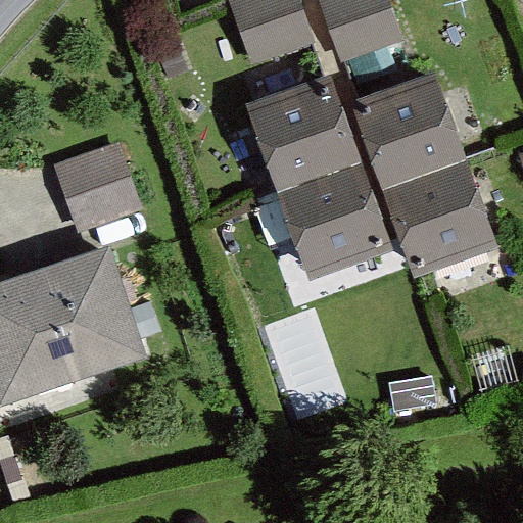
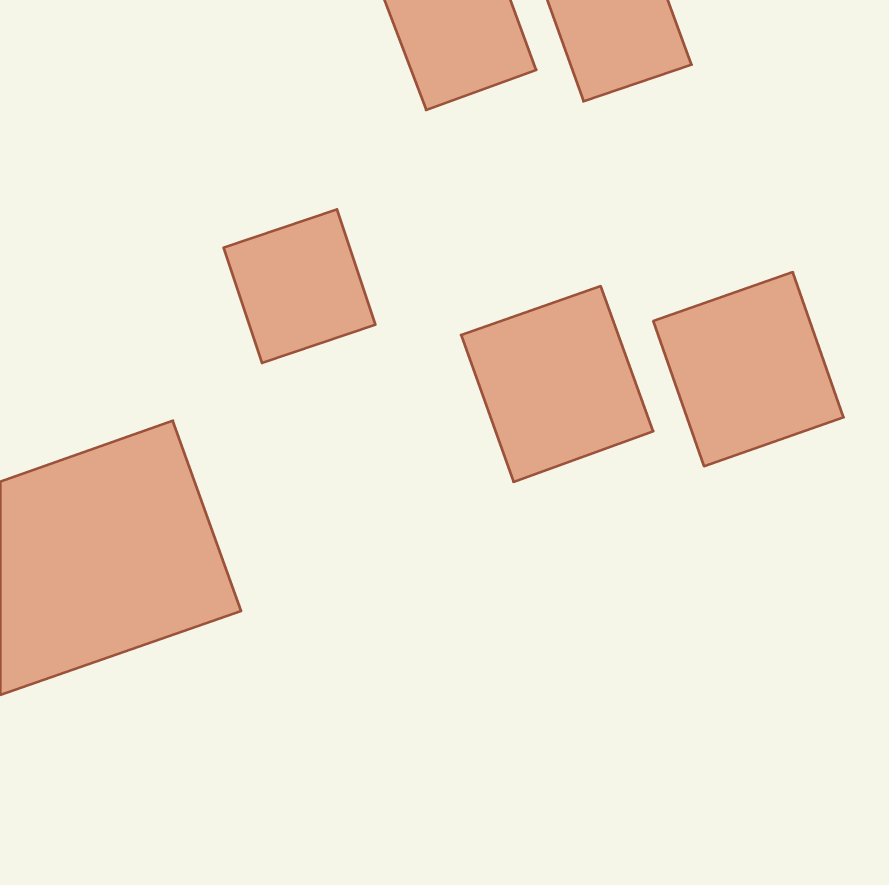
building: [353,74,466,188] -> none
building: [242,83,353,196] -> none
building: [55,138,144,228] -> [224,209,375,363]

